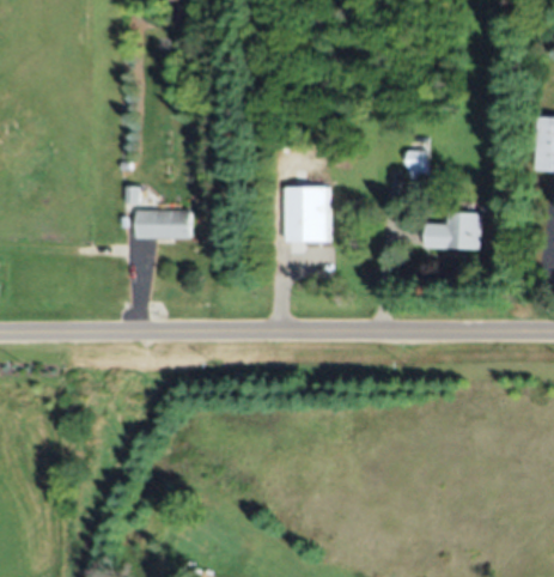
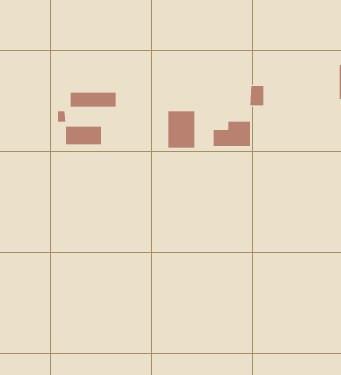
building: none -> [70,92,116,108]
building: [426,212,482,249] -> [213,121,251,146]

